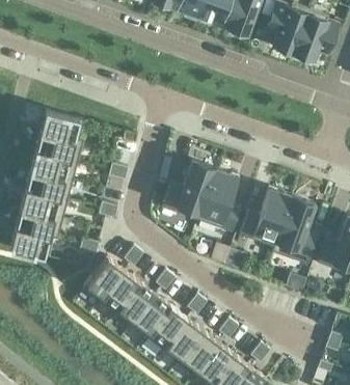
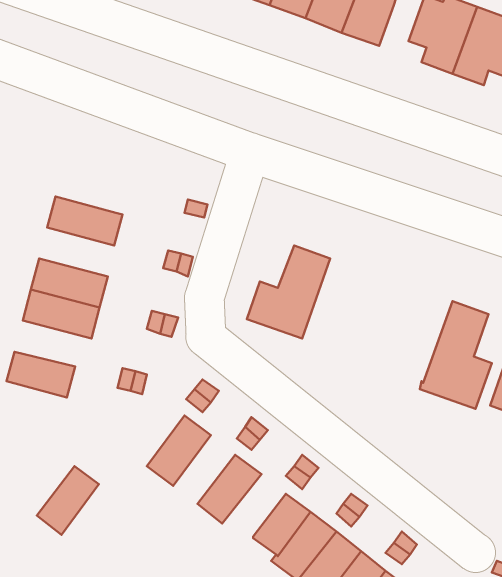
building: [41,111,84,140] -> none
building: [30,149,78,181] -> none
building: [197,169,240,232] -> none
building: [240,188,293,248] -> none
building: [15,209,63,240] -> none
building: [83,257,123,301] -> [37,466,99,535]
building: [115,281,155,325] -> none
building: [146,306,187,351] -> none

